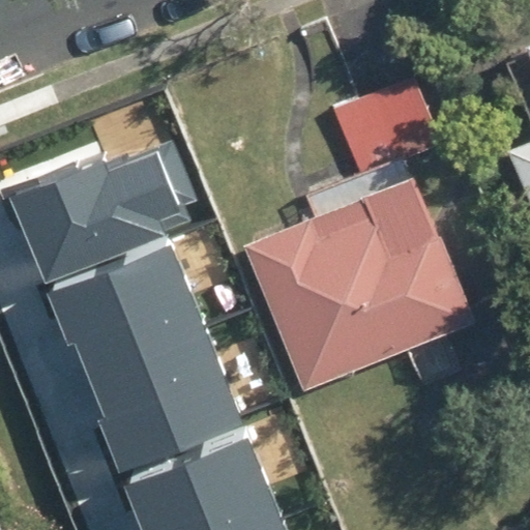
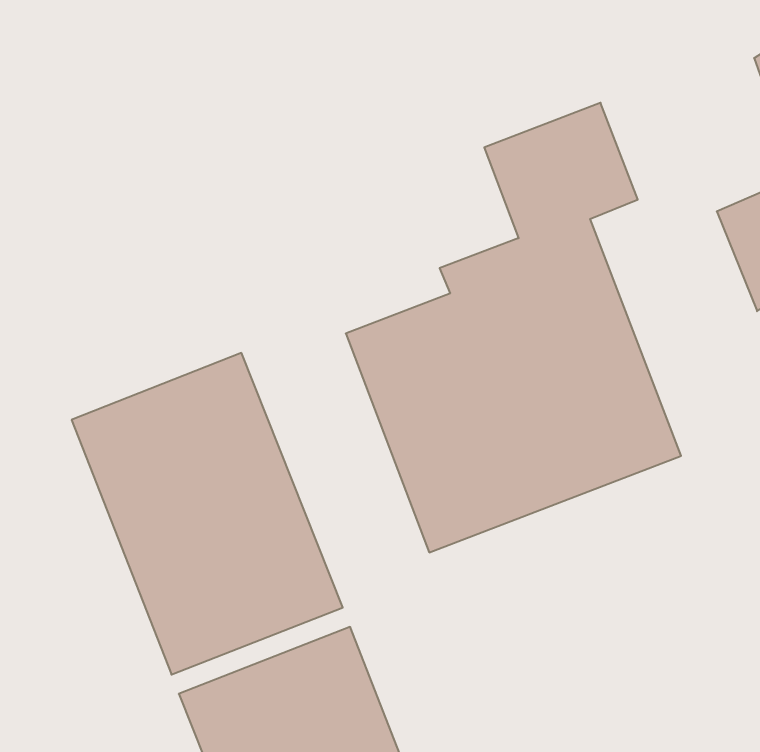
building: [14,144,198,284] -> none

